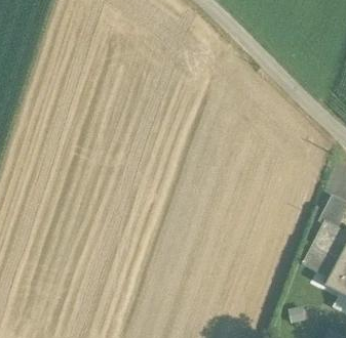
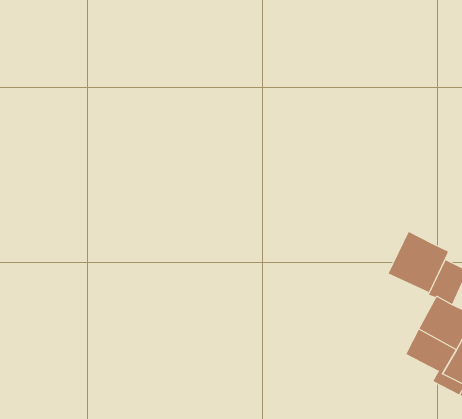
building: none -> [388,231,448,293]

